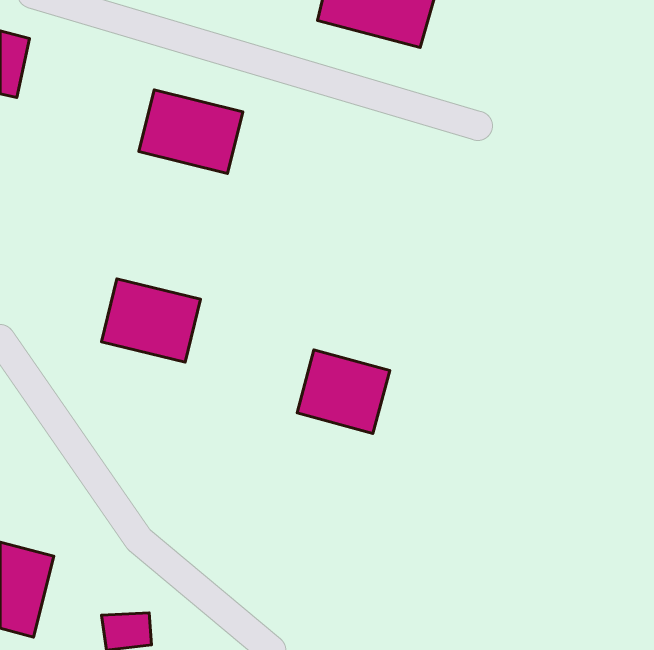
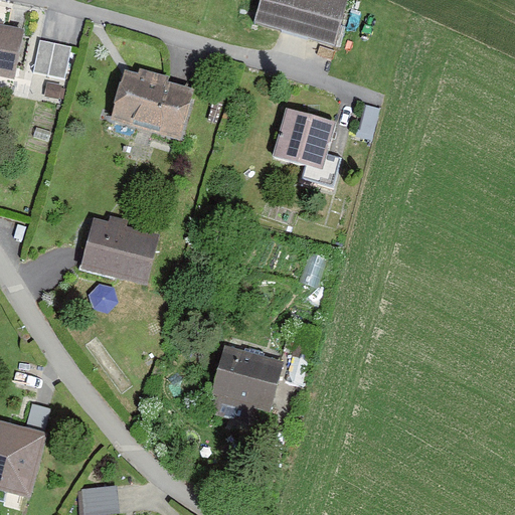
building: none -> [36,34,75,72]
building: none -> [265,114,333,170]
building: [297,350,390,433] -> [208,347,281,412]

